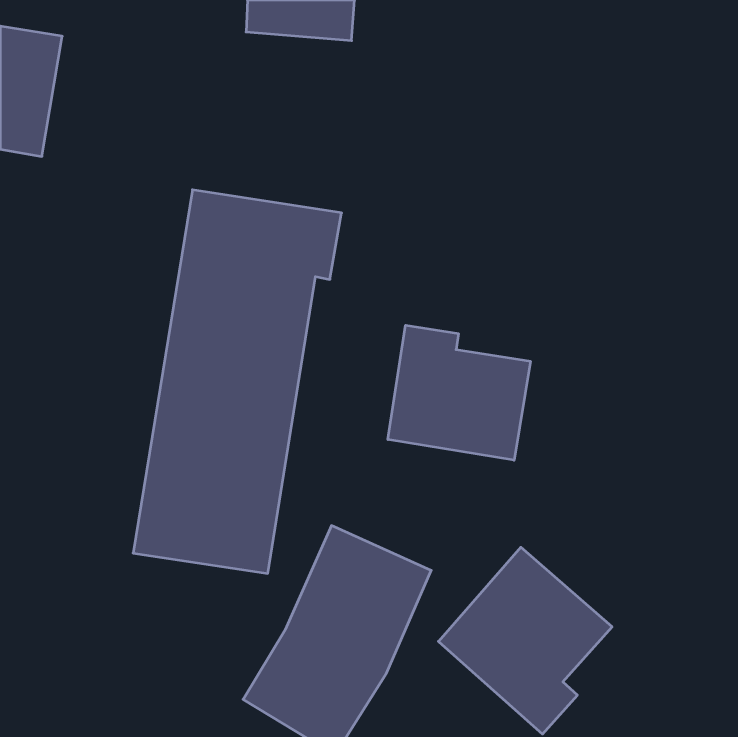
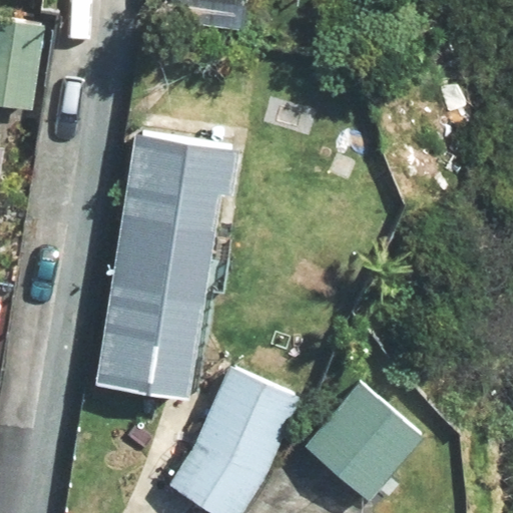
building: [388,325,530,460] -> none

